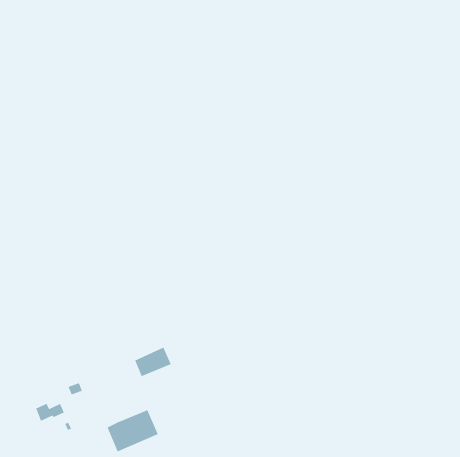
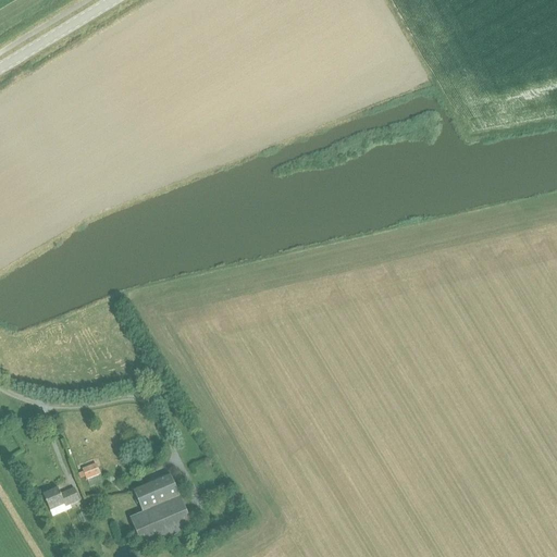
building: [134,347,172,377] -> [133,471,178,508]

